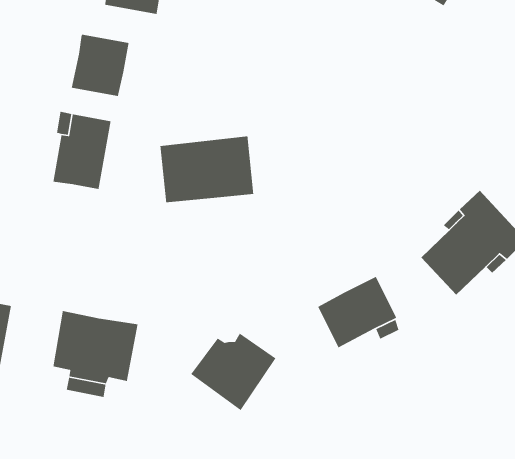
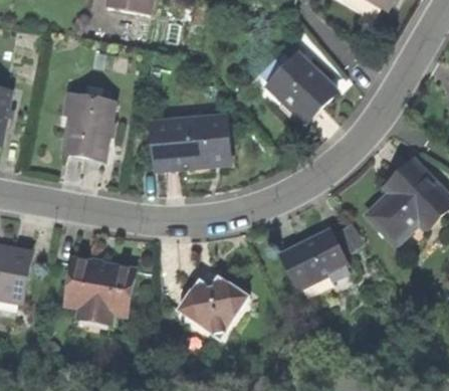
building: [71,34,129,97] -> none
building: none -> [267,53,335,120]

